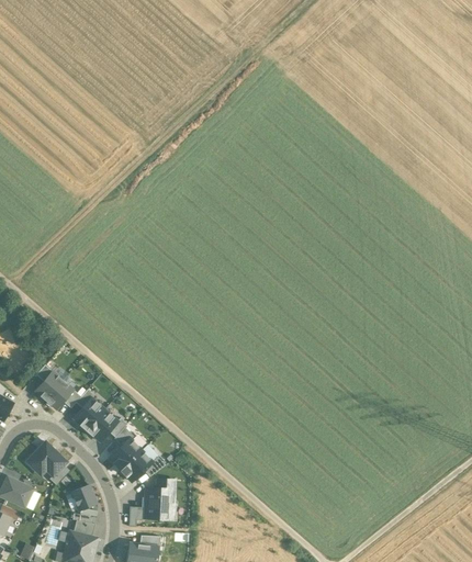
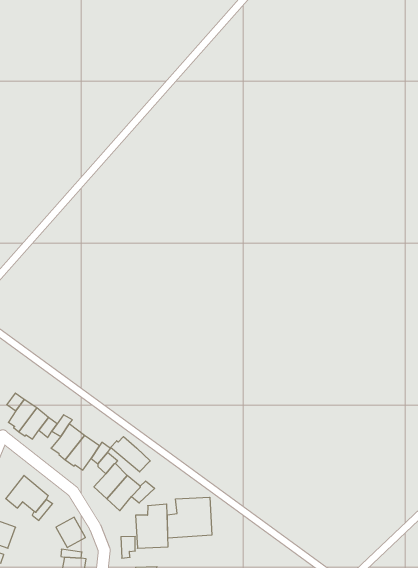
building: none -> [111,437,150,472]
building: none -> [167,497,212,538]

